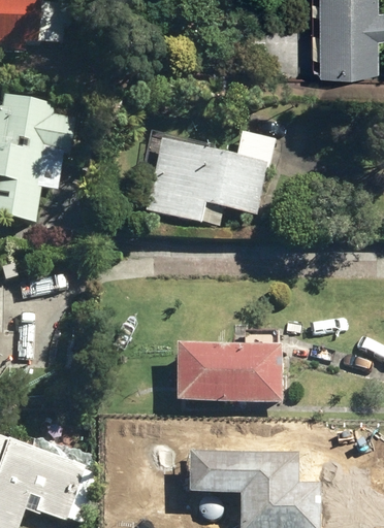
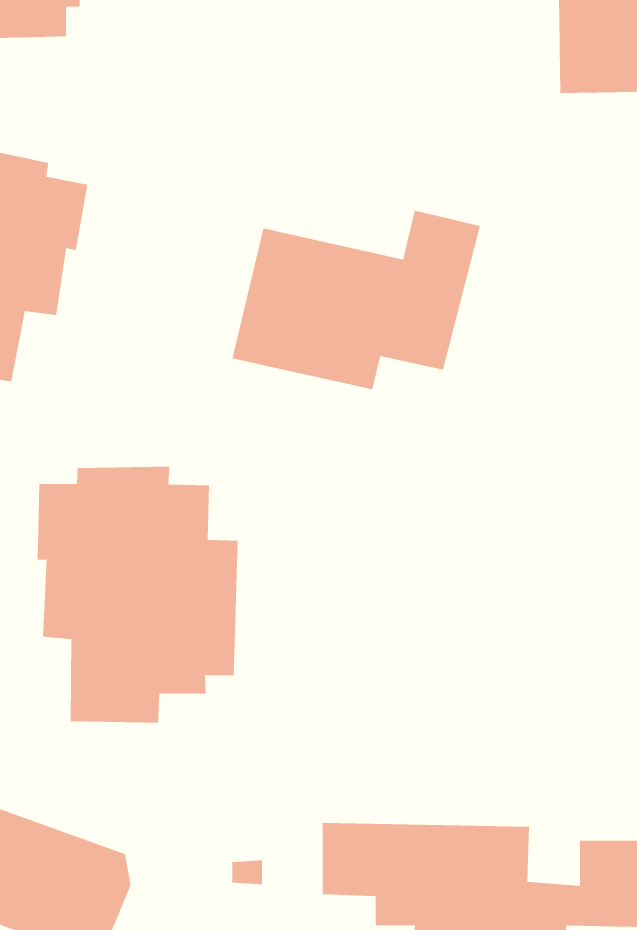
building: none -> [37,466,239,724]
building: [181,342,286,400] -> none

